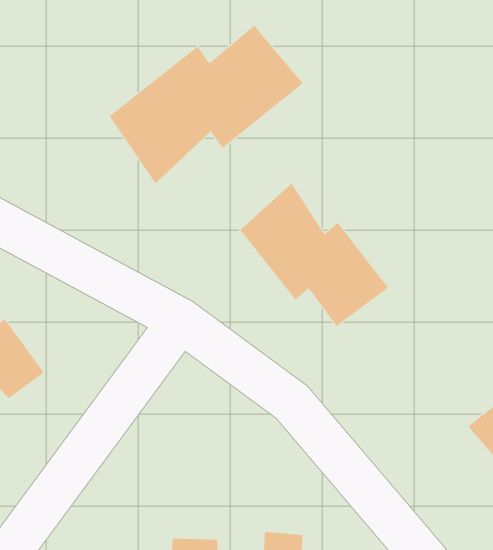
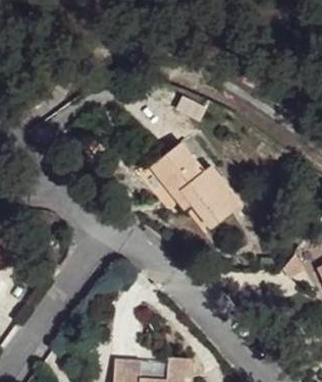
building: [109,25,303,184] -> none

